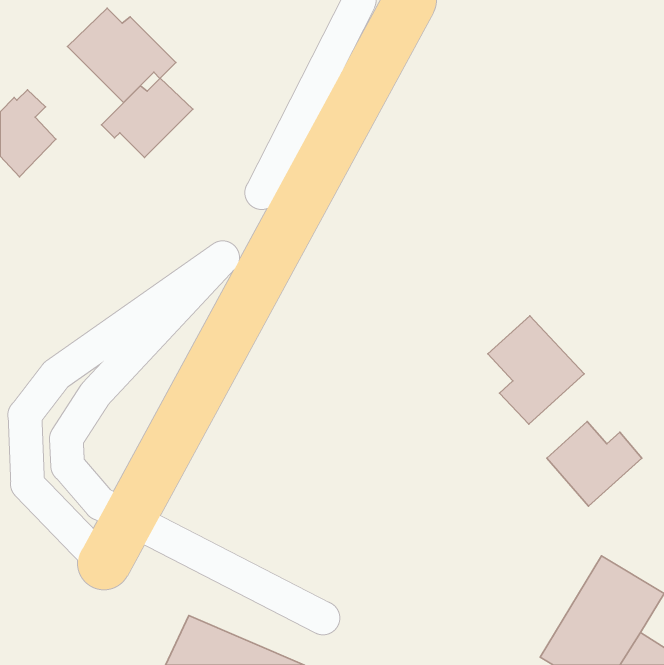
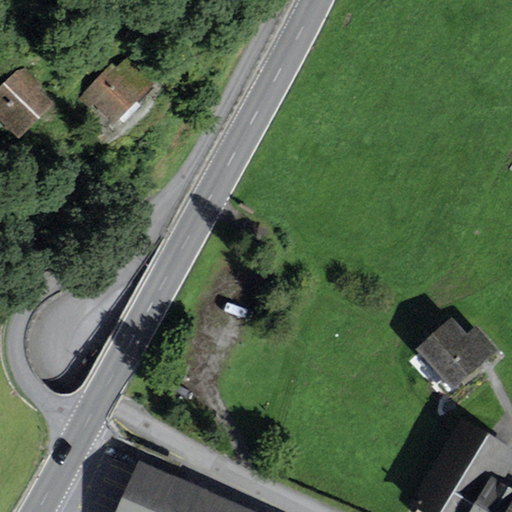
building: [67,8,176,103] -> none
building: [488,316,584,424] -> none

